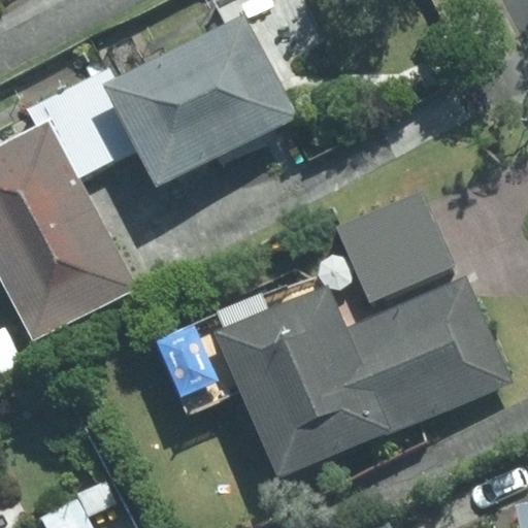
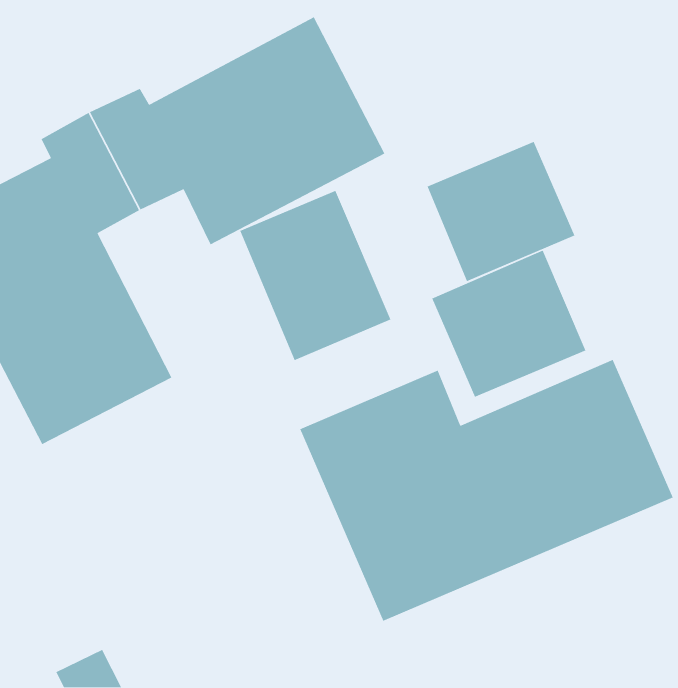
building: none -> [427,141,575,282]
building: none -> [239,190,392,361]

